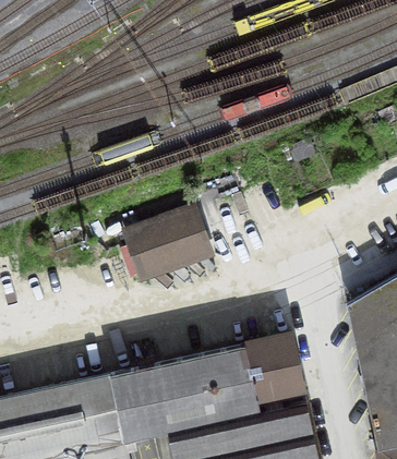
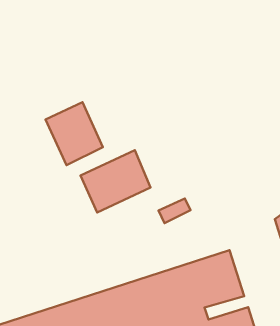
building: none -> [45,102,103,165]

